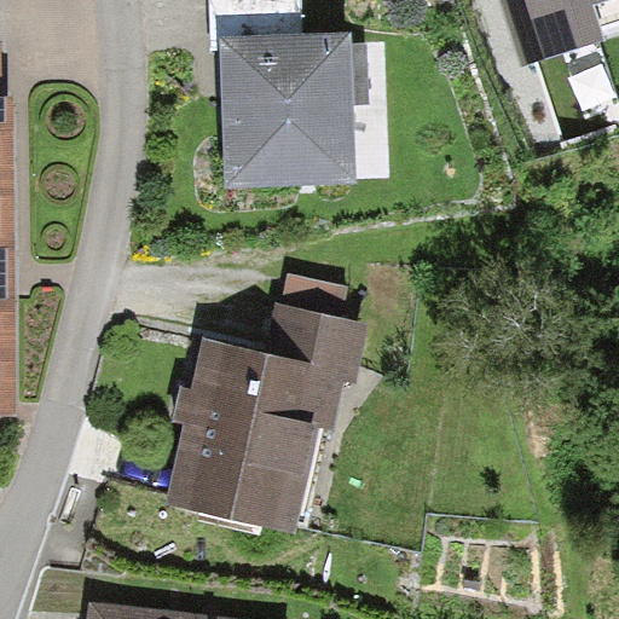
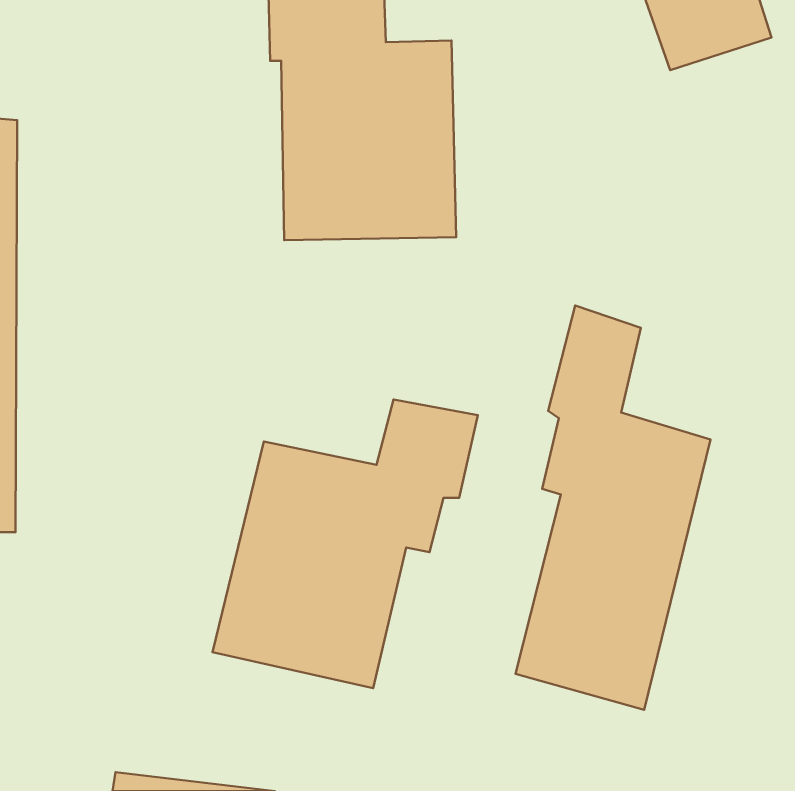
building: none -> [516,305,710,710]

